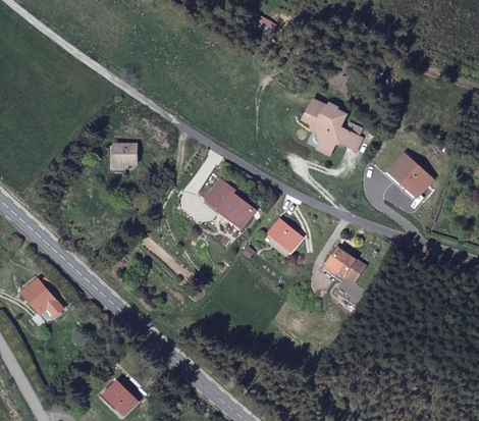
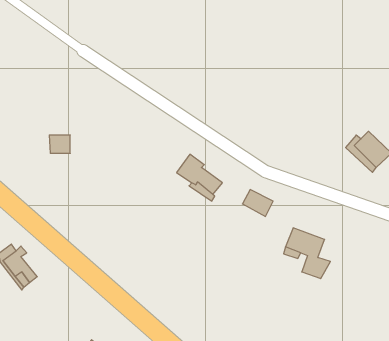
building: [305,99,363,153] -> none
building: [114,147,137,166] -> [49,135,70,153]

